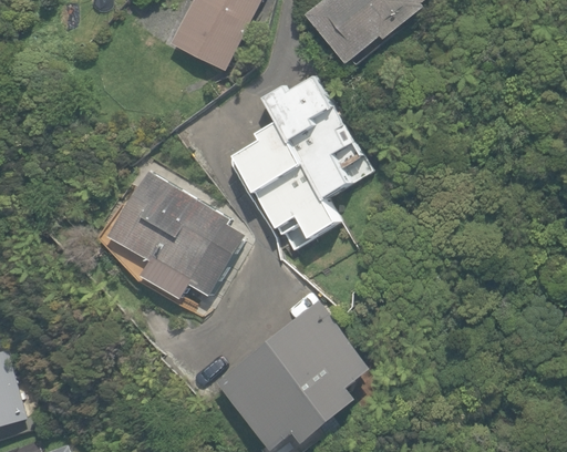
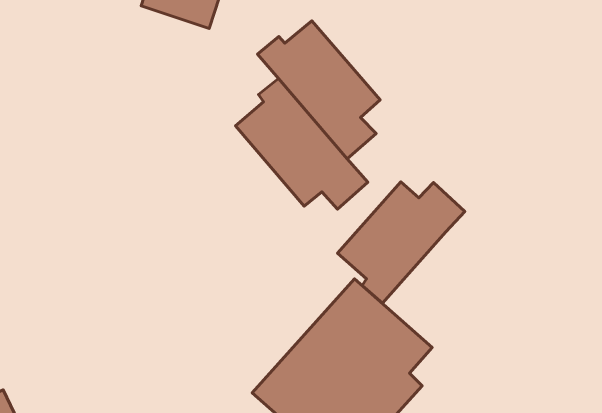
building: [109,172,244,296] -> none
building: none -> [338,182,465,303]

